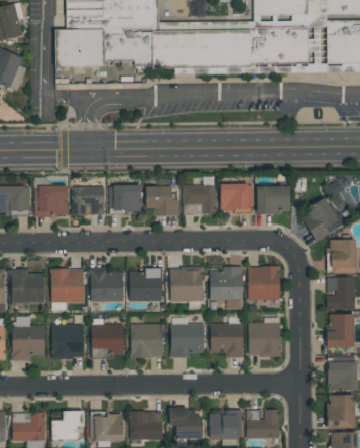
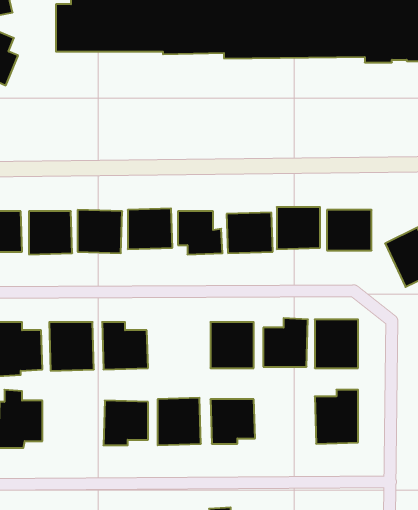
building: [129,266,162,300] -> none
building: [211,323,243,357] -> none
building: [51,324,85,358] -> none

